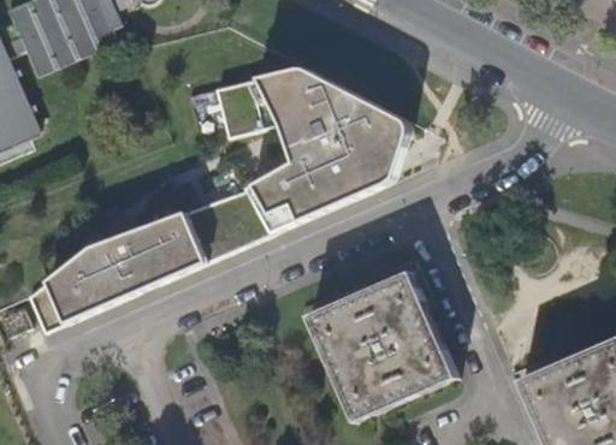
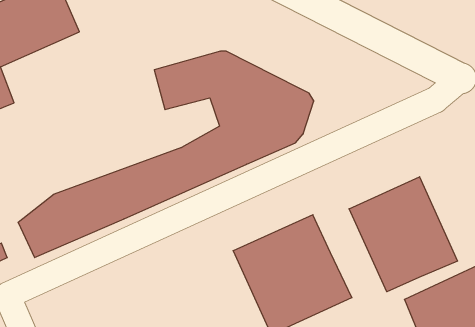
building: none -> [349,177,457,292]

